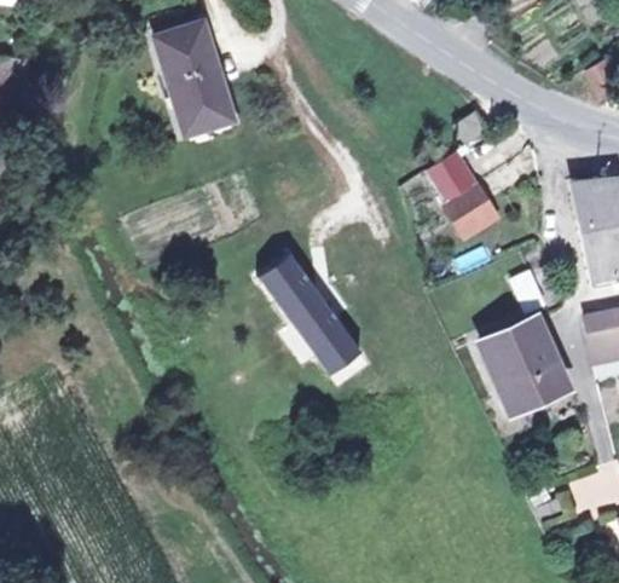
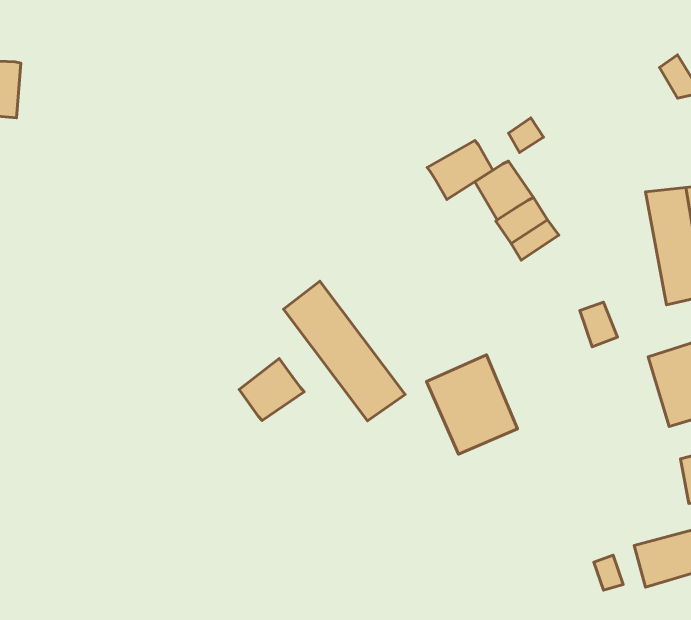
building: [158,23,236,135] -> none
building: none -> [427,140,493,199]
building: [485,321,563,406] -> [427,355,517,454]
building: none -> [239,358,304,421]

